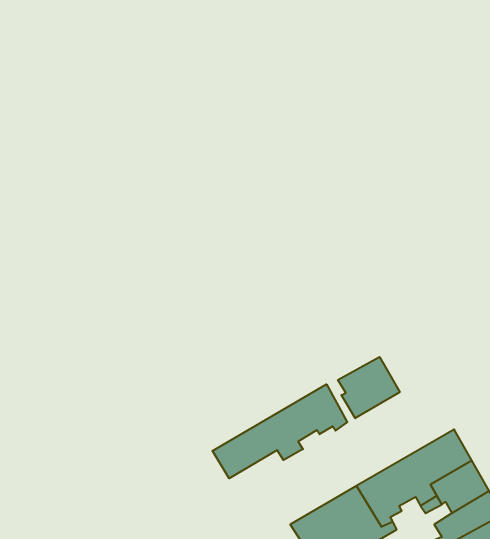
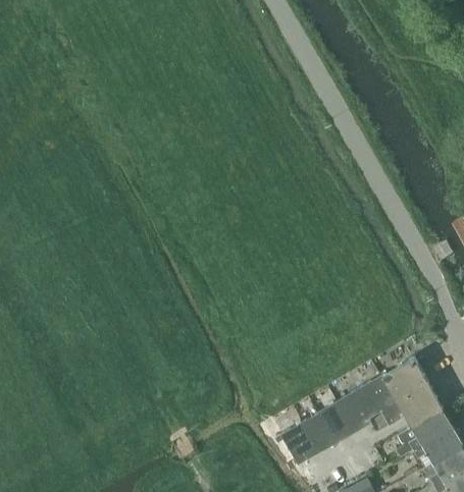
building: [338,357,400,418] -> none
building: [212,384,347,478] -> none

